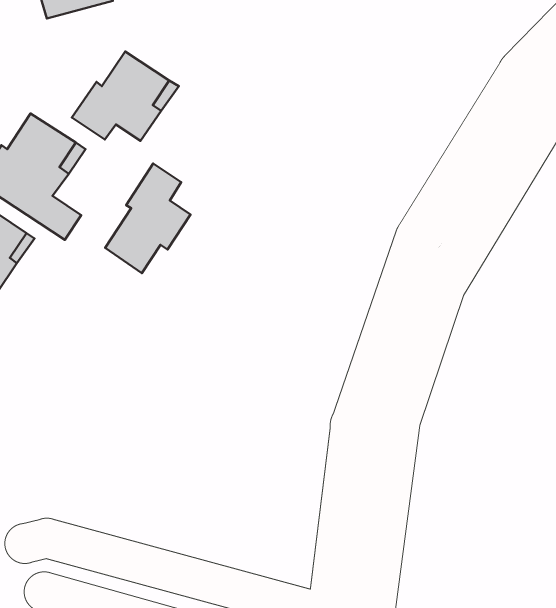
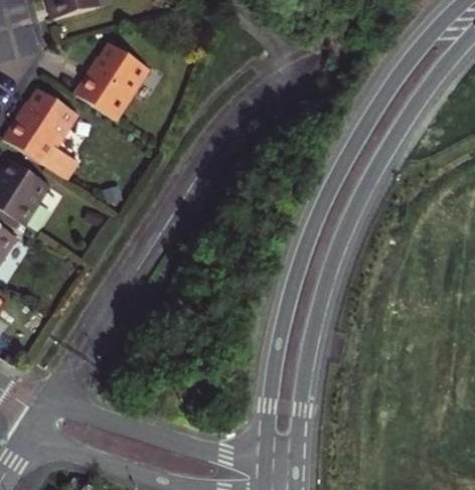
building: [105,163,191,273] -> none

